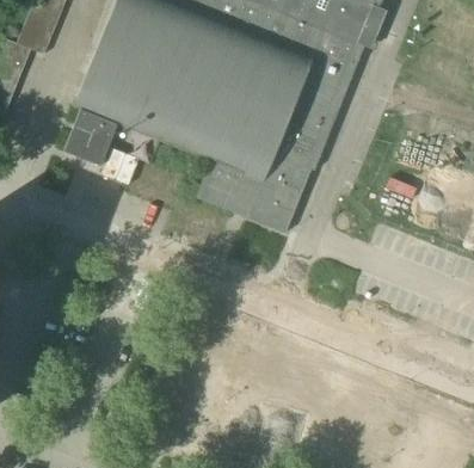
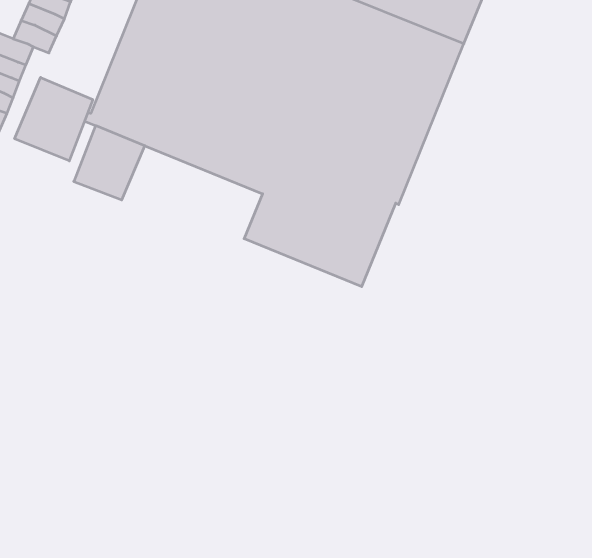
building: none -> [15,77,93,161]

